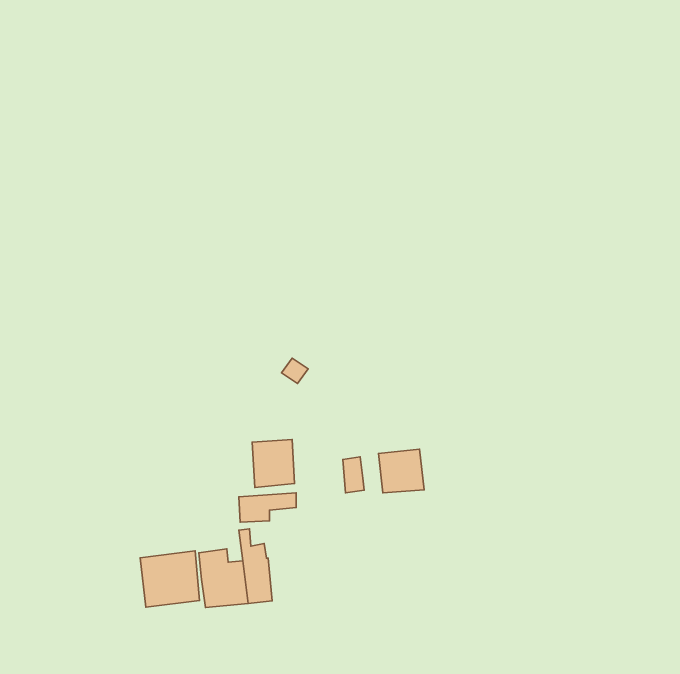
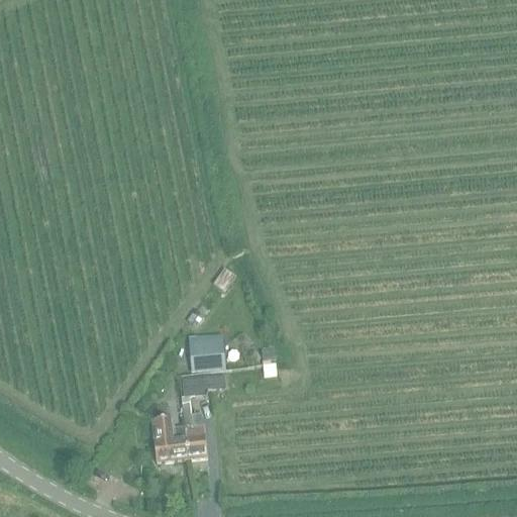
building: [378,449,424,493] -> none
building: [140,551,199,607] -> none

